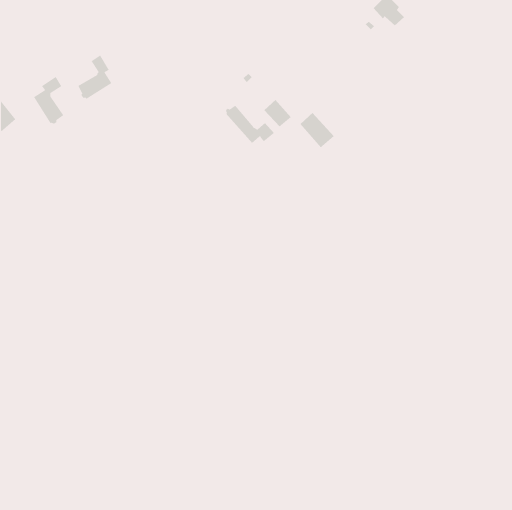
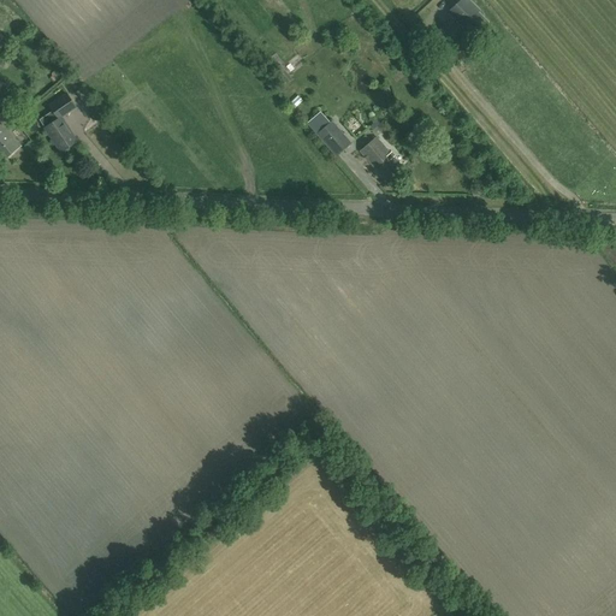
building: [77,55,112,100] -> none
building: [225,105,275,144] -> none

